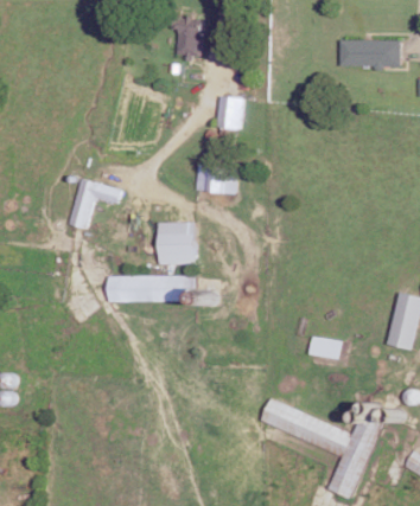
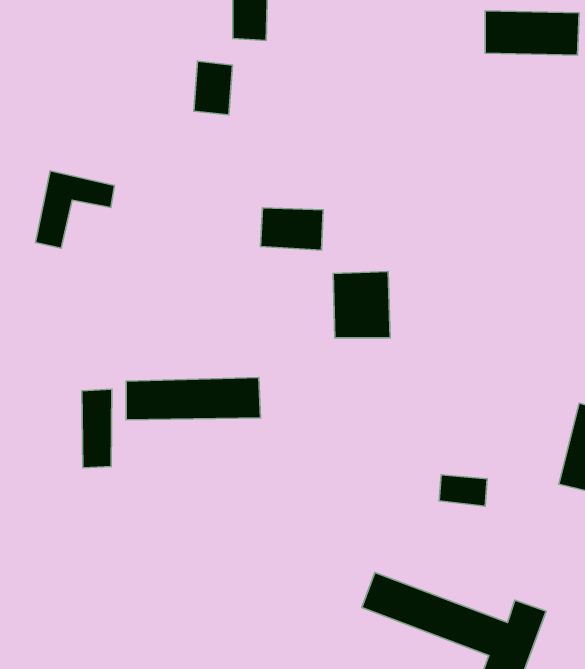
building: [216,95,241,129] -> [194,61,232,115]
building: [68,179,119,229] -> [35,171,115,248]
building: [158,222,195,264] -> [333,272,390,338]
building: none -> [82,389,112,468]

